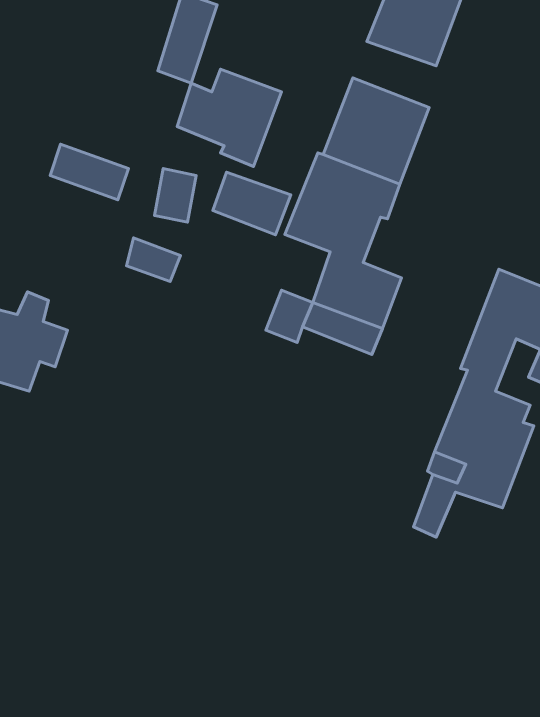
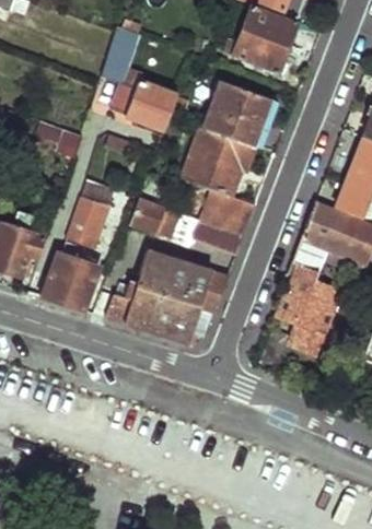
building: [213,172,291,235] -> [130,199,179,238]
building: none -> [67,198,109,249]
building: none -> [103,247,229,344]
building: none -> [40,254,95,310]

